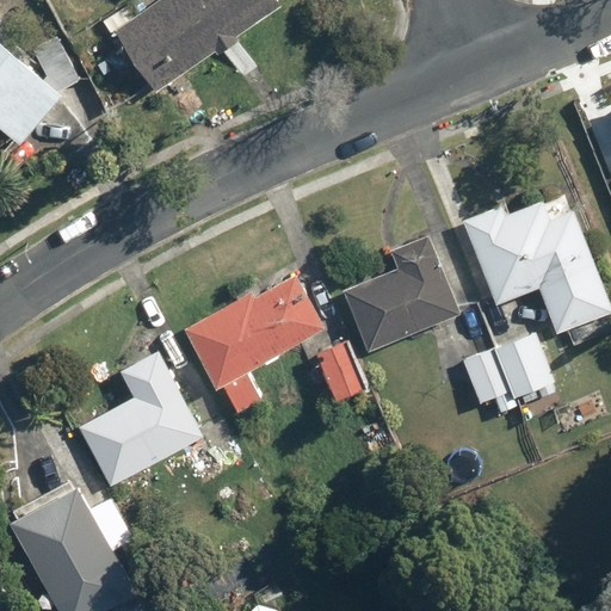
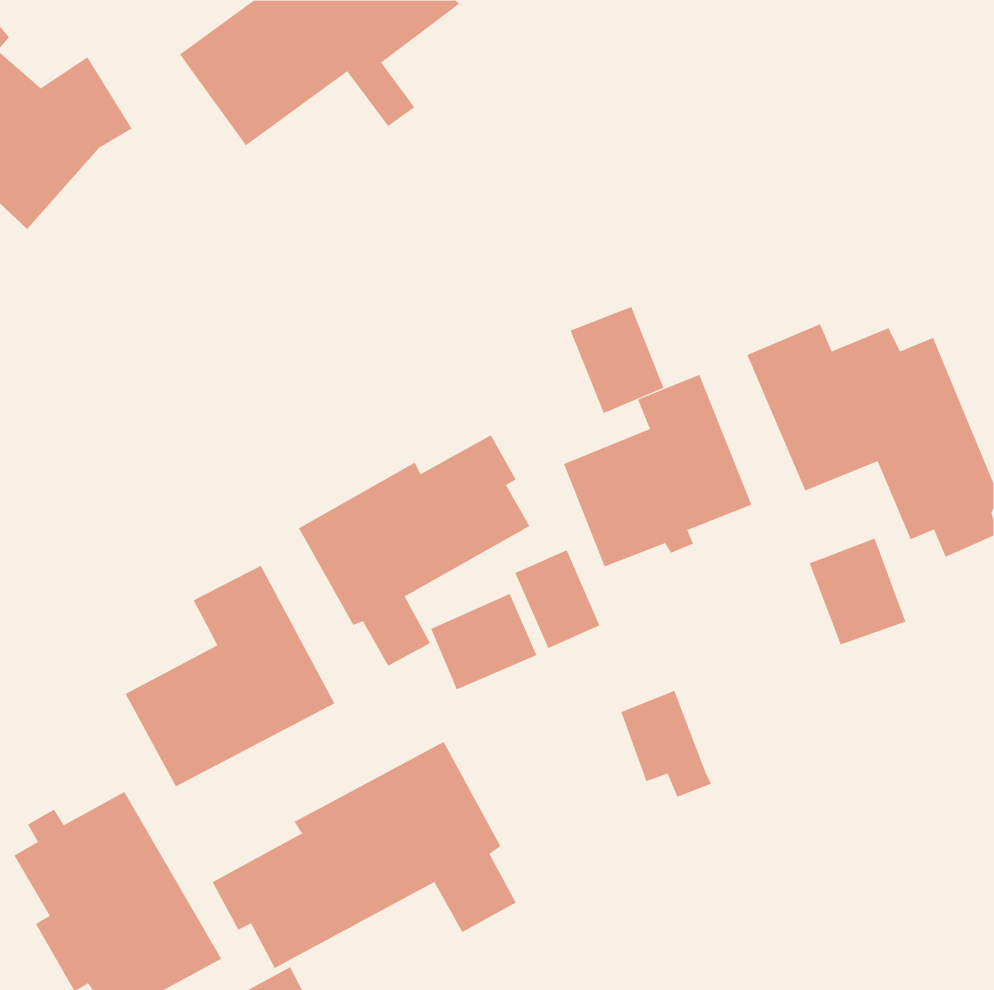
building: none -> [570,306,664,414]
building: [462,348,518,414] -> [620,690,712,797]
building: none -> [431,593,537,690]
building: none -> [212,741,516,969]

